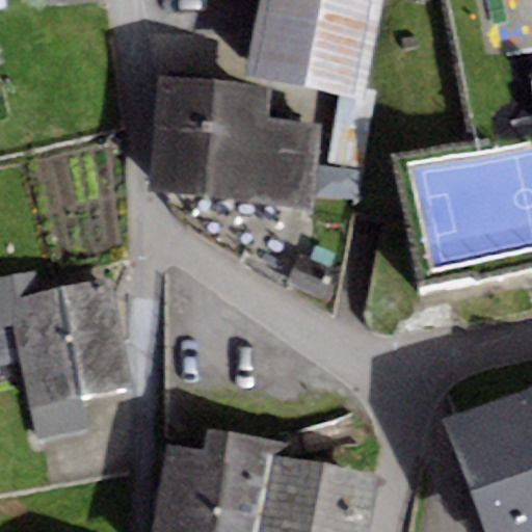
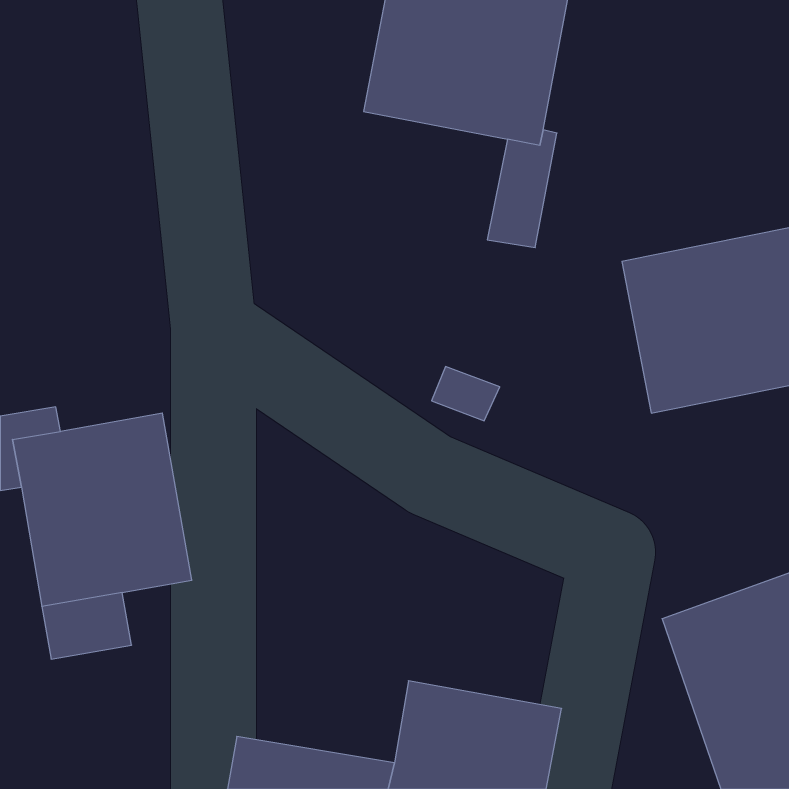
building: [148,75,320,208] -> none
building: [160,431,277,512] -> none

